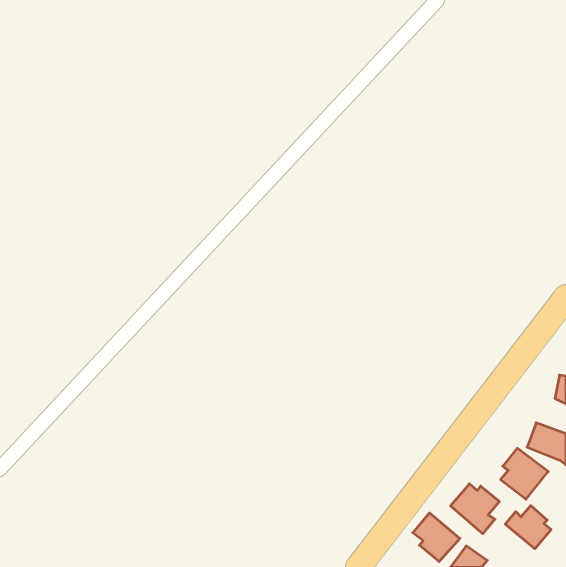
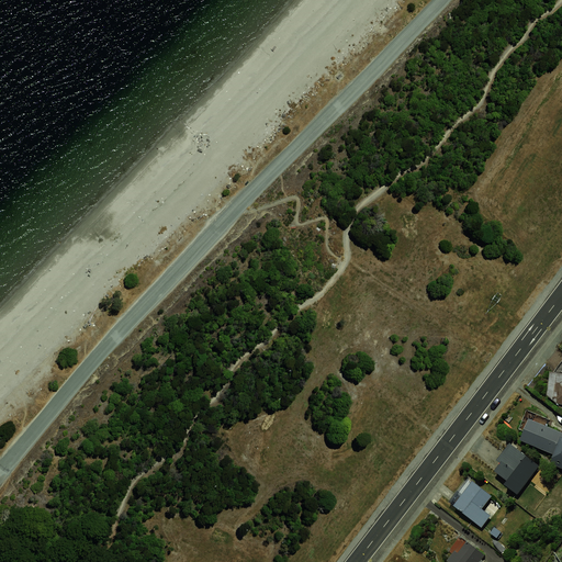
building: [505,506,551,549] -> none
building: [413,513,460,562] -> none

